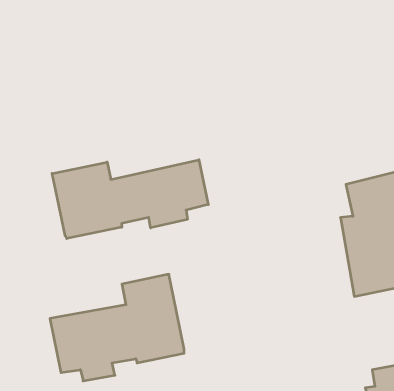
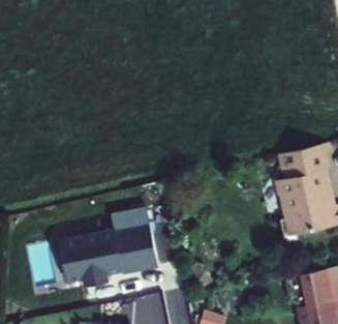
building: [52,160,208,239] -> none

